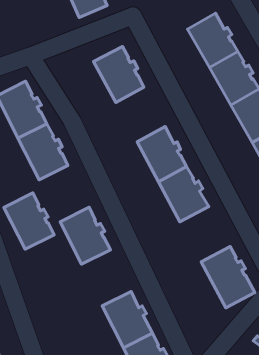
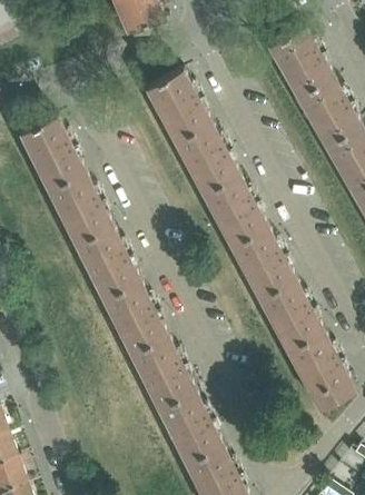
building: none -> [175,121,239,192]
building: [4,193,54,249] -> [75,224,140,297]
building: none -> [258,277,324,349]
building: none -> [130,334,195,407]

